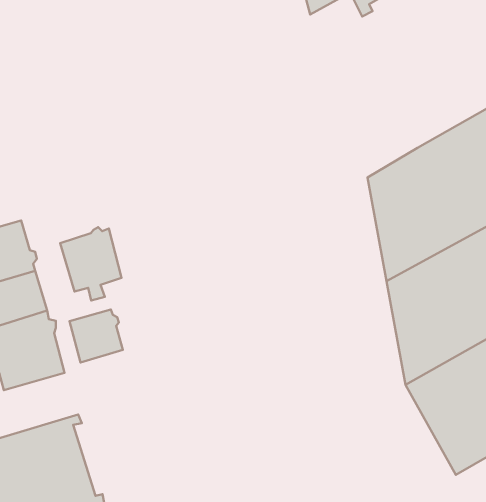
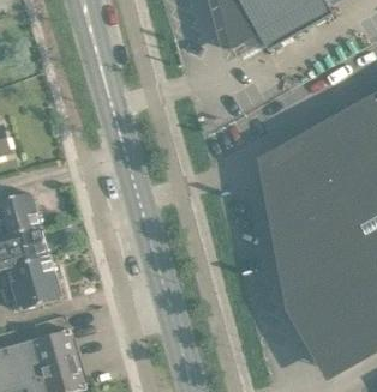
building: [60,227,122,301] -> none
building: [69,309,123,362] -> none

